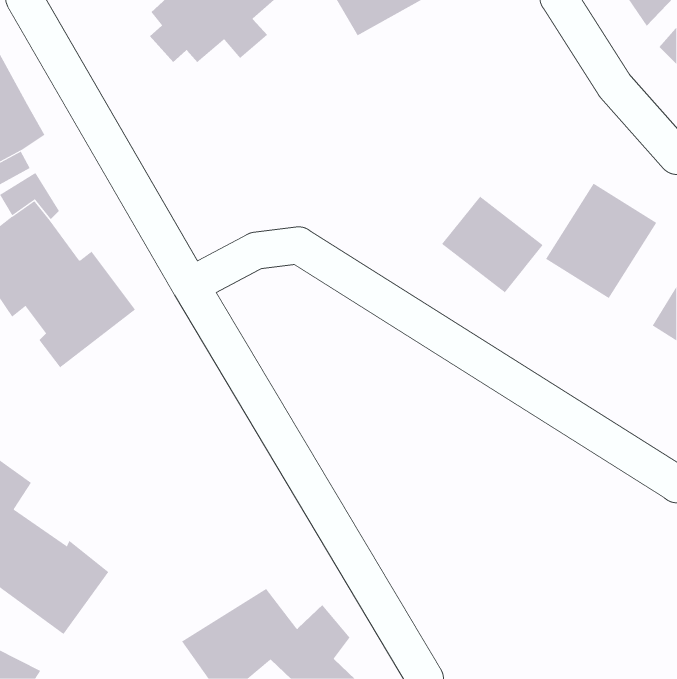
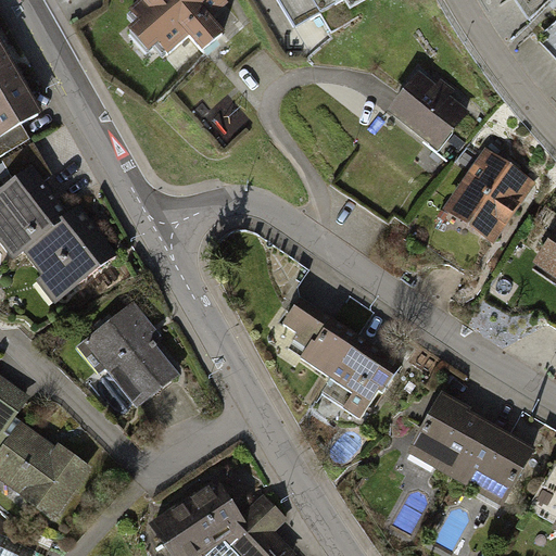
building: [441,196,544,293] -> [387,74,470,153]
building: none -> [79,300,178,408]
building: none -> [278,300,395,418]
building: none -> [409,396,534,503]

